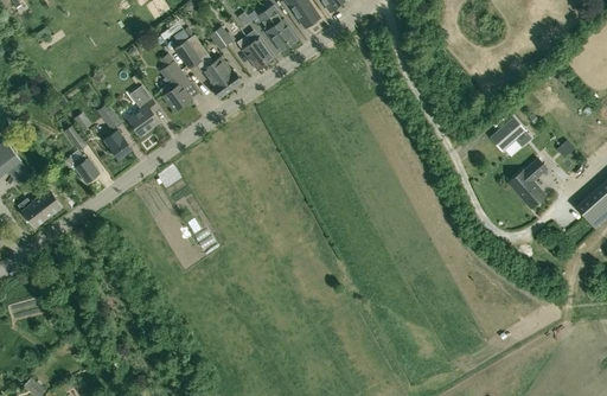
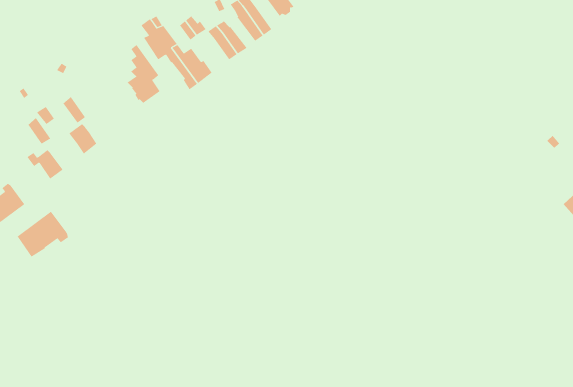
building: [128,87,160,136] -> none
building: [494,119,532,149] -> none
building: [509,159,548,209] -> none
building: none -> [17,211,69,258]

